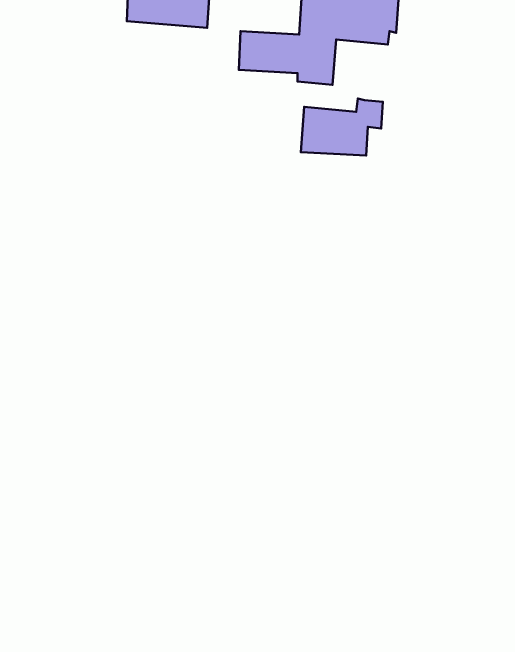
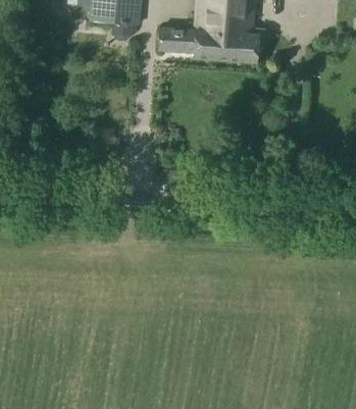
building: [301,98,383,155] -> [215,28,265,62]

